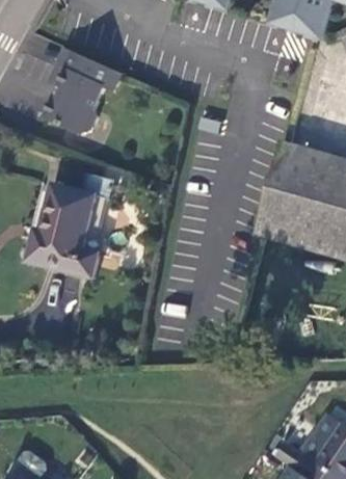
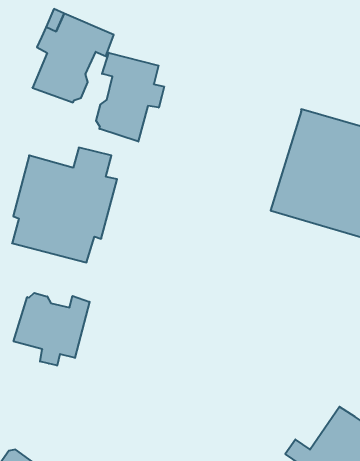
building: none -> [96,53,164,142]
building: none -> [14,293,90,366]

